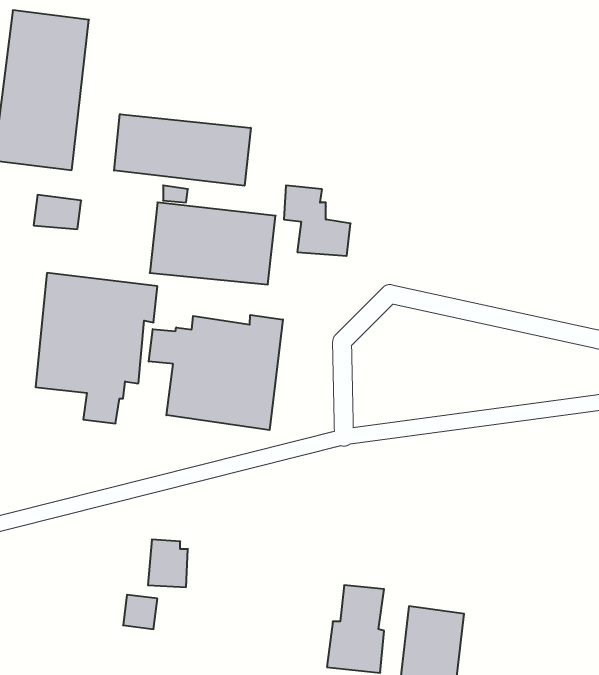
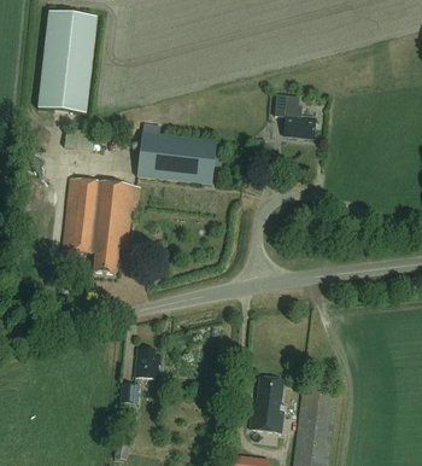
building: [114,114,251,186] -> none
building: [284,185,351,256] -> [275,93,317,138]
building: [149,315,283,430] -> none

